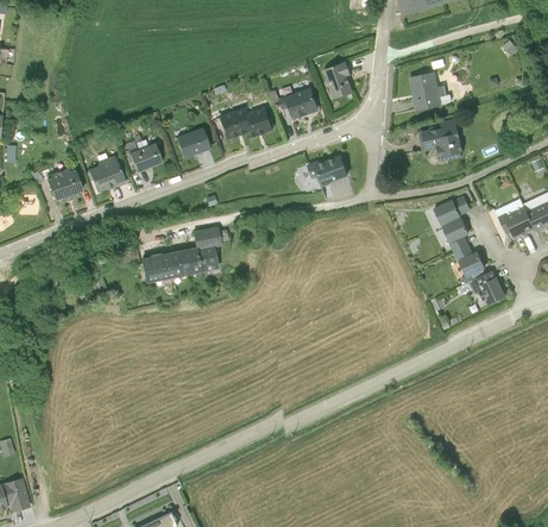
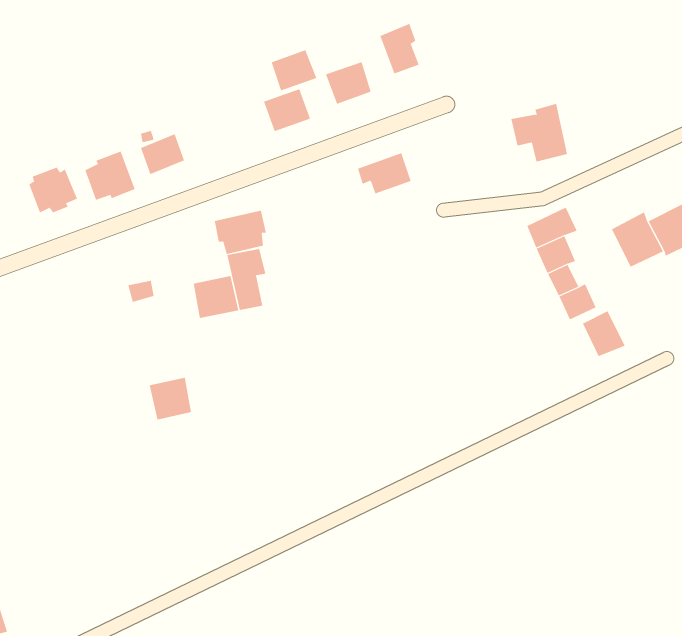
building: [399,70,437,111] -> none
building: [183,126,218,157] -> [271,50,317,91]
building: none -> [214,210,266,255]
building: [147,252,179,284] -> [149,377,192,420]

